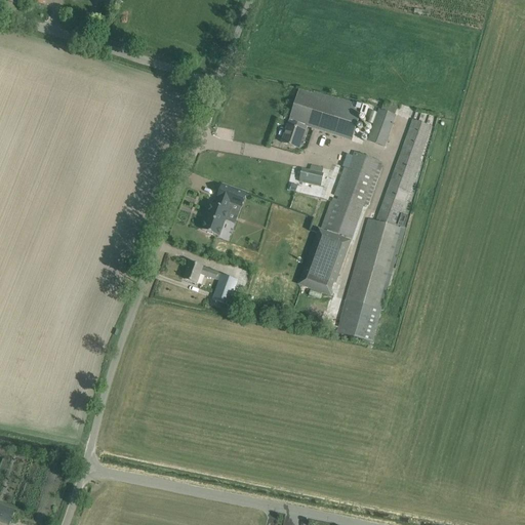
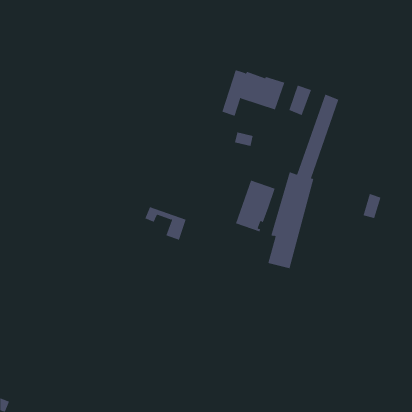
building: [327,151,379,237] -> none
building: [201,183,246,235] -> none
building: none -> [363,193,381,219]

